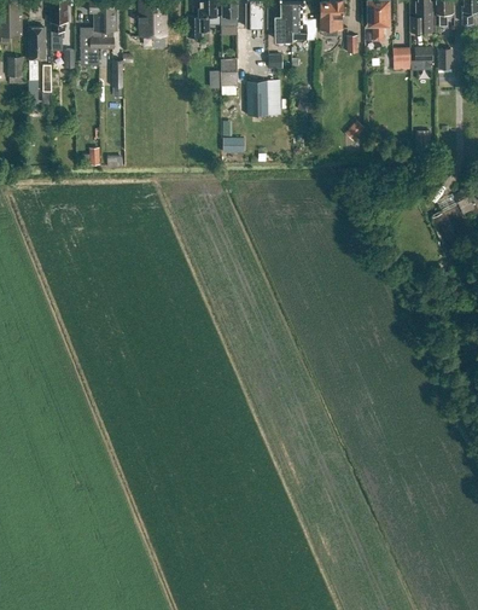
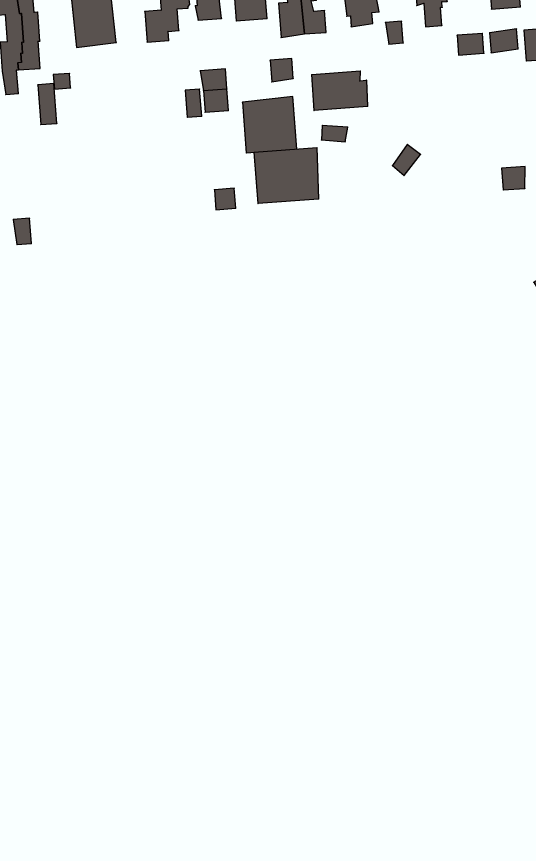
building: none -> [312,71,368,111]
building: none -> [254,148,319,204]

